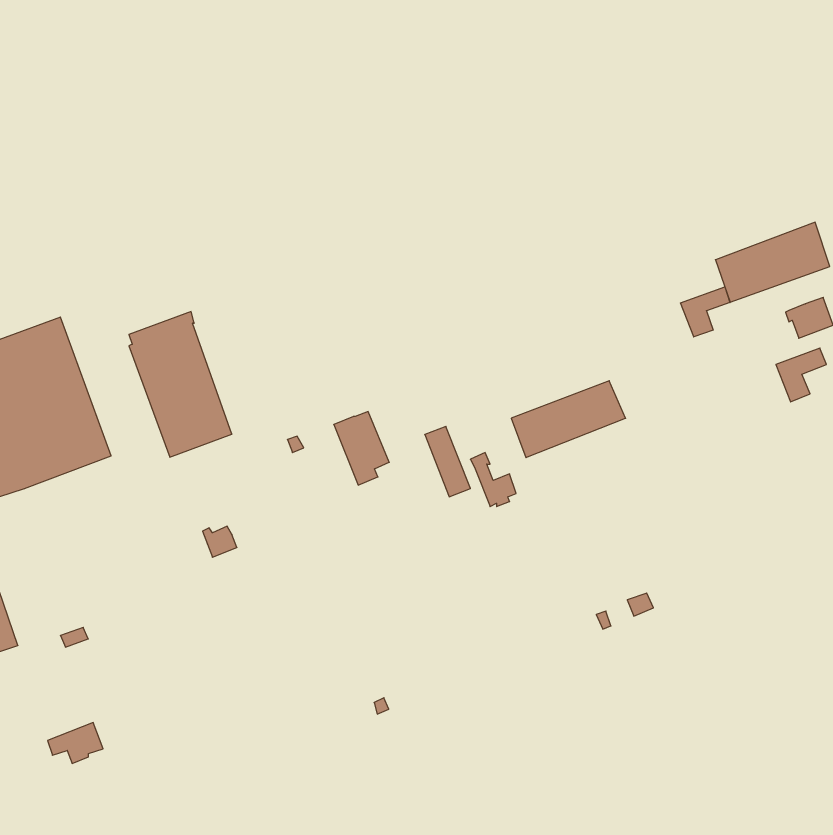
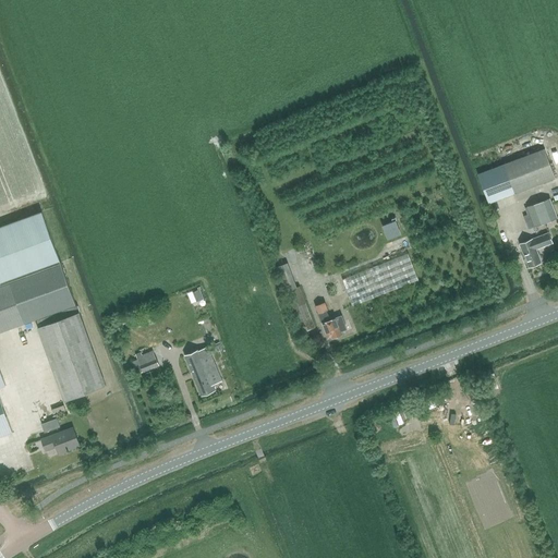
building: [680,287,730,337] -> none
building: [129,312,232,457] -> [36,304,105,401]
building: [334,412,389,485] -> [184,347,221,396]
building: [48,723,103,763] -> [41,428,78,456]

